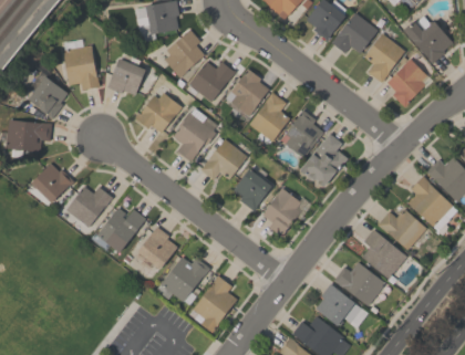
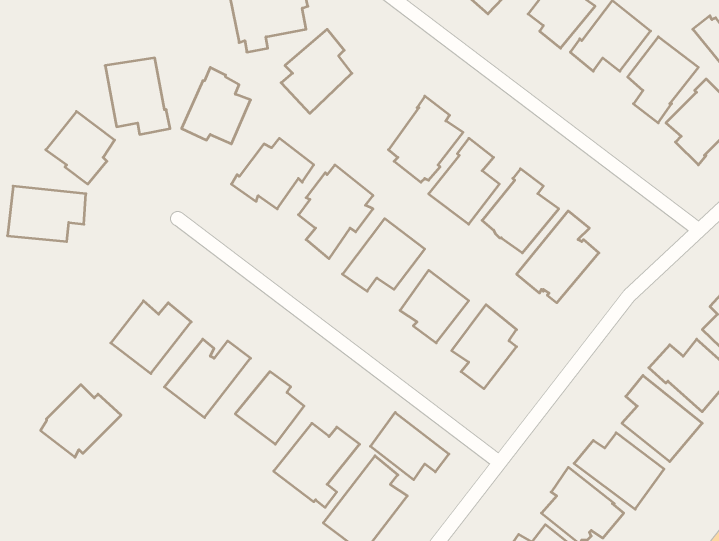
building: [188,61,235,103] -> none
building: [28,164,74,206] -> [41,385,121,457]
building: none -> [370,412,449,480]

